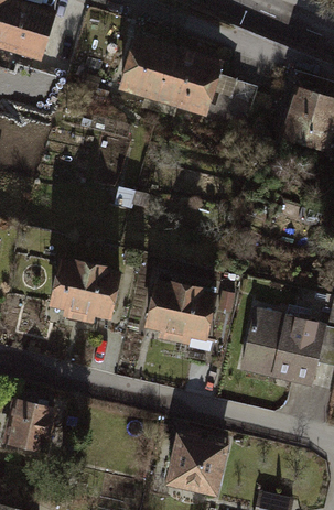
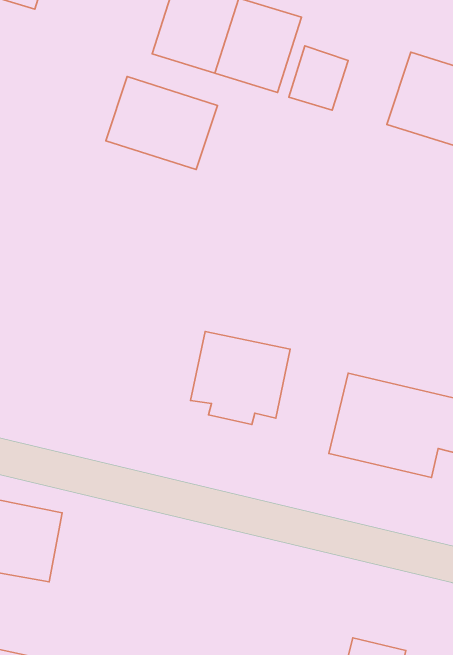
building: none -> [106,77,217,170]
building: [51,260,119,324] -> none
building: [166,433,229,493] -> none

